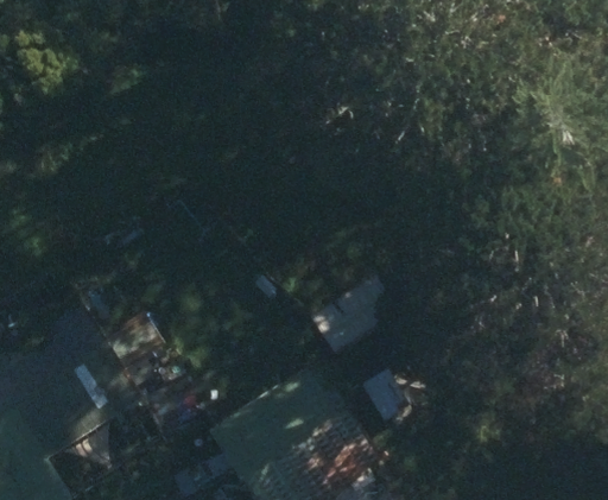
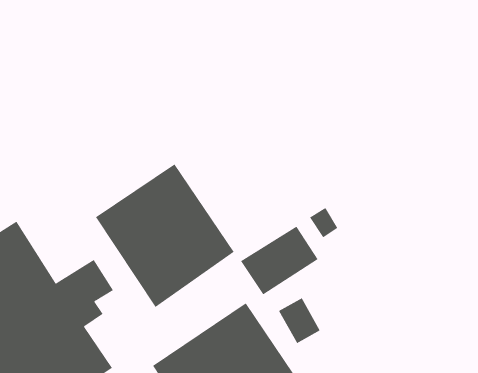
building: none -> [95,164,235,308]

